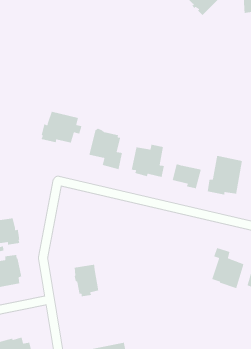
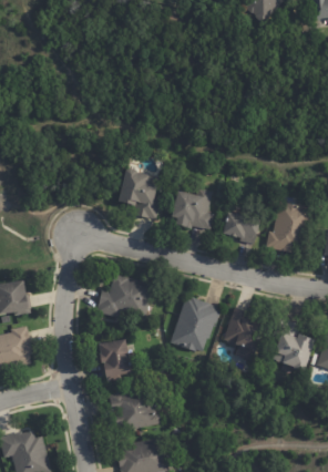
building: [40,111,83,144] -> none
building: none -> [98,274,153,318]
building: none -> [171,297,223,352]
building: none -> [224,307,265,361]
building: none -> [110,390,162,431]

